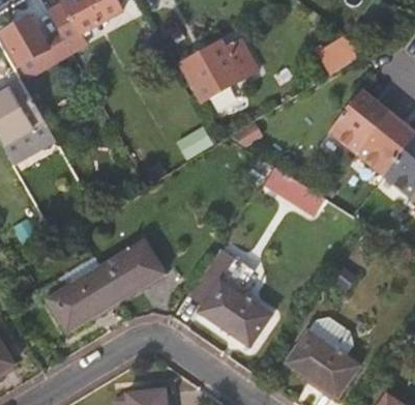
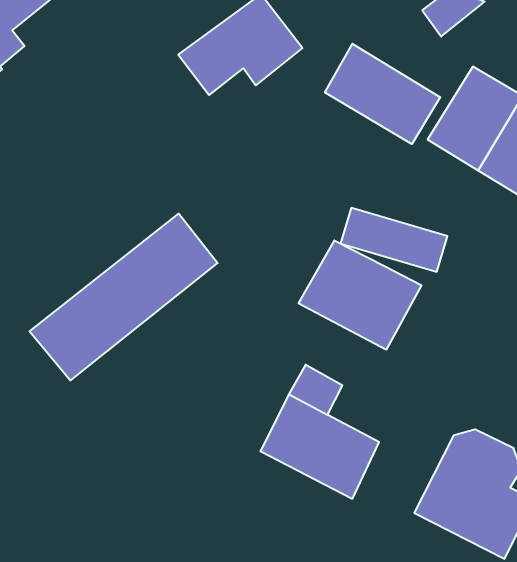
building: none -> [325,44,440,144]
building: none -> [299,240,421,350]
building: [46,241,165,334] -> [30,214,218,380]

